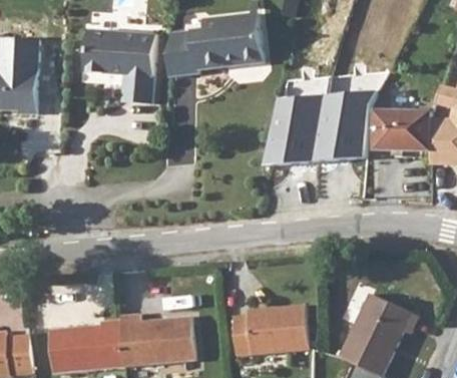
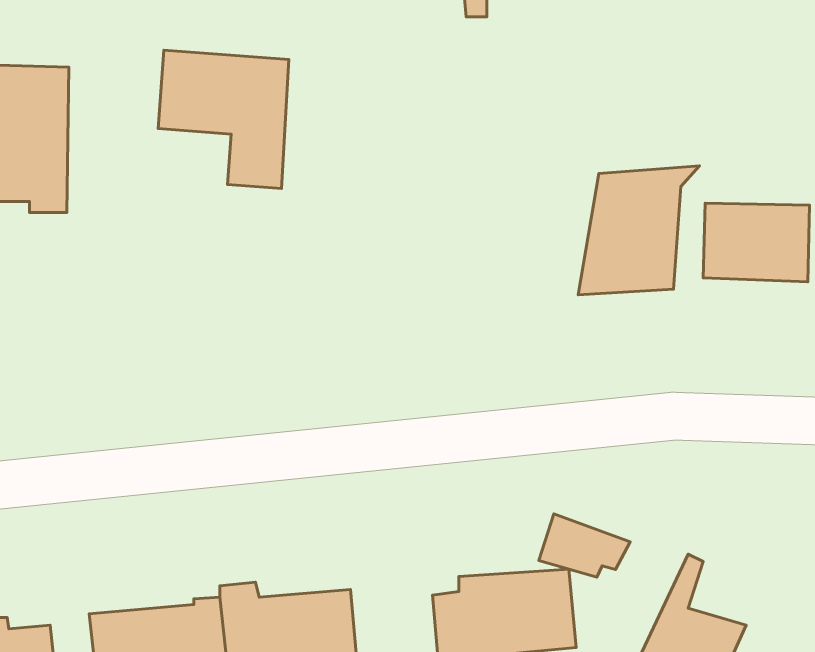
building: [168,13,264,77] -> none
building: [262,93,322,164] -> none
building: [370,302,419,336] -> [539,514,630,577]

